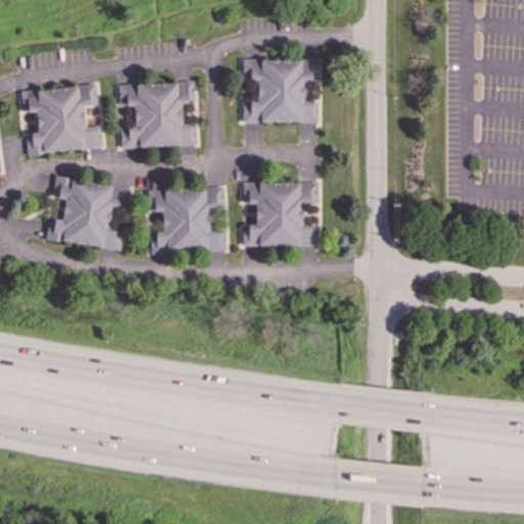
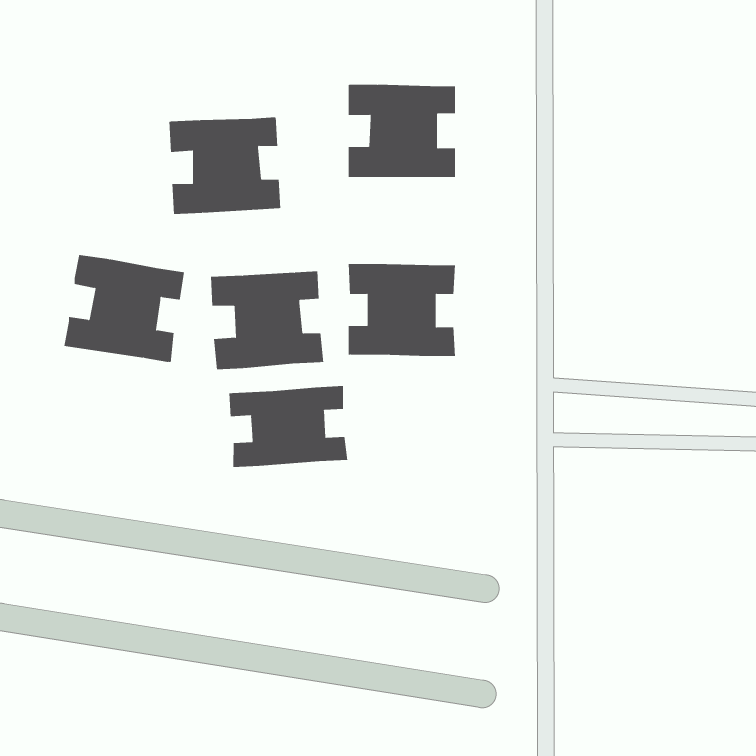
building: [19,84,102,156] -> none
building: none -> [229,385,348,468]

